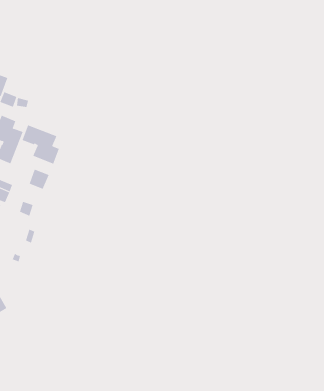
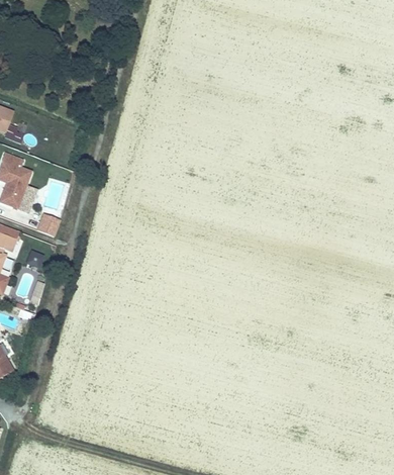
building: [22,124,59,164] -> none

